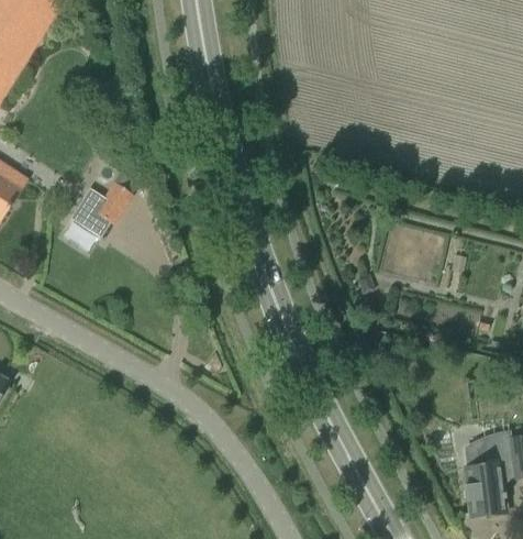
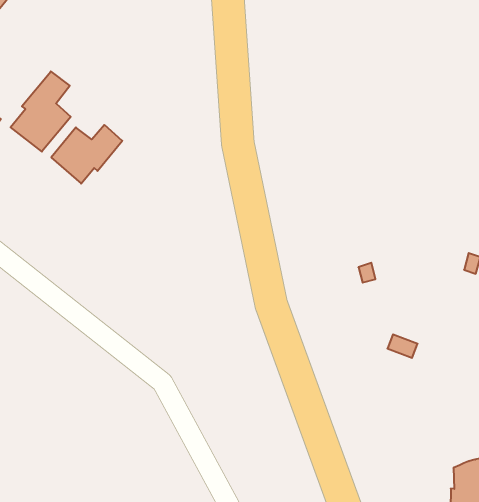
building: none -> [11,71,71,152]

